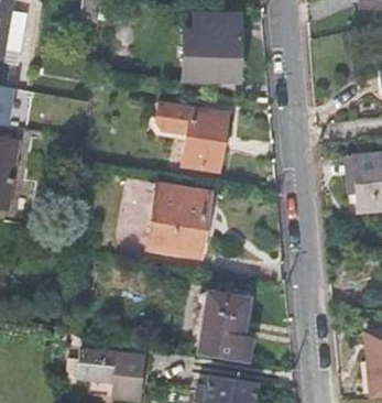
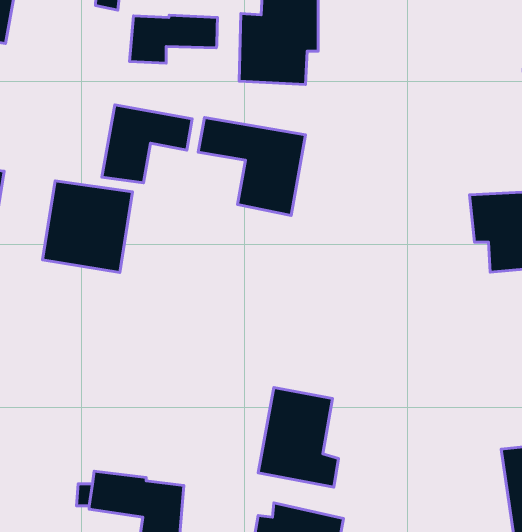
building: none -> [129,15,218,63]
building: none -> [102,105,192,183]
building: [148,188,210,252] -> [43,181,133,272]

